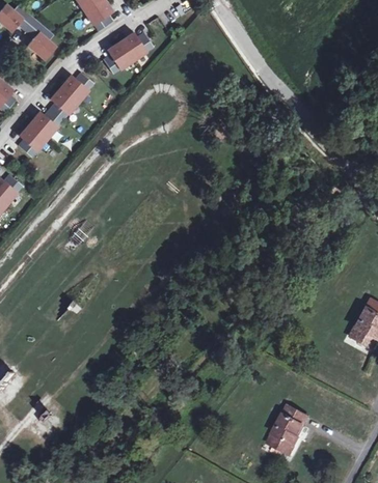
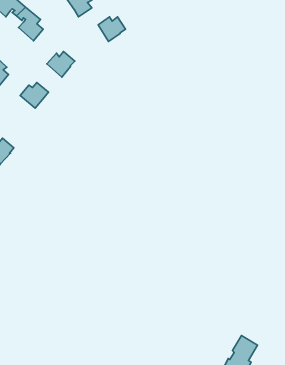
building: [103,41,133,74] -> none
building: [49,87,78,120] -> none
building: [18,124,47,157] -> none

